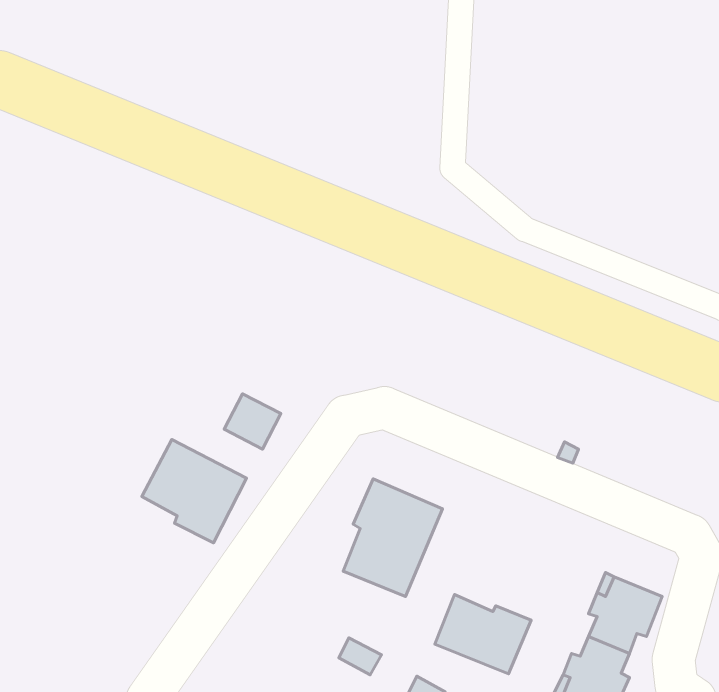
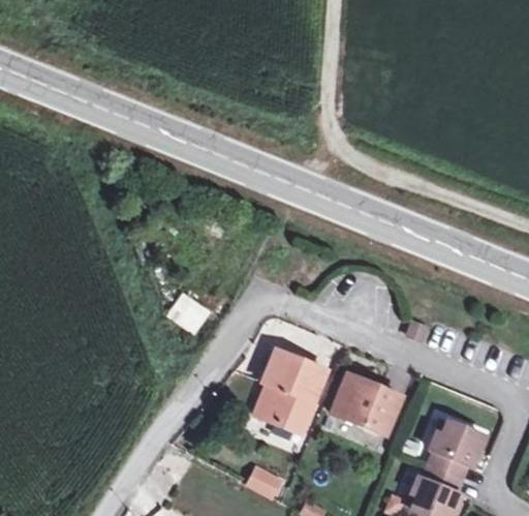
building: [142,440,246,543] -> none
building: [435,594,531,674] -> [332,377,402,435]

